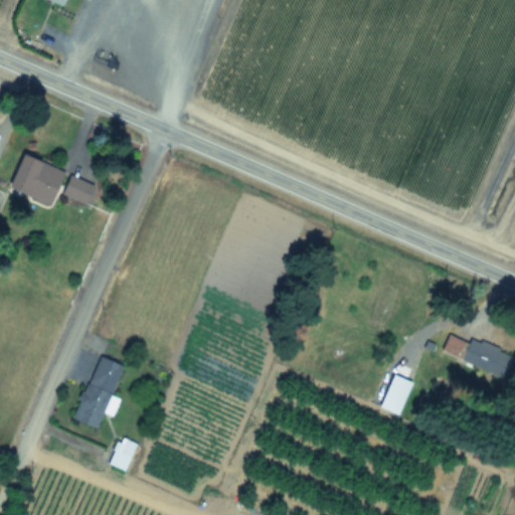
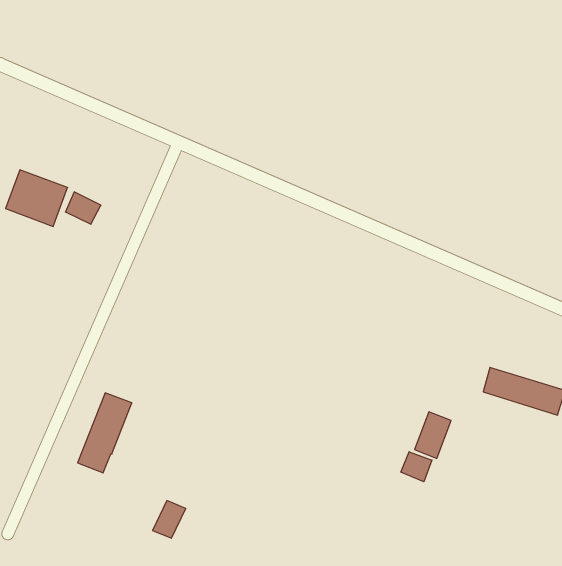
building: none -> [401,452,432,482]
building: [109,438,139,472] -> [153,501,186,538]

